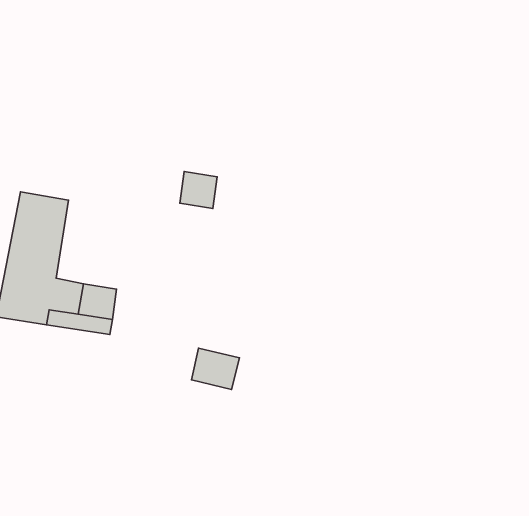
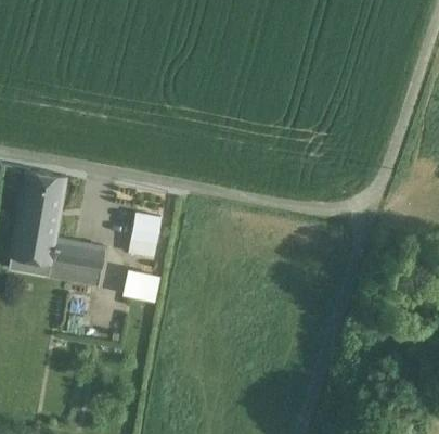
building: [180,171,217,209] -> [131,213,160,242]
building: [192,348,240,389] -> [122,268,160,301]

